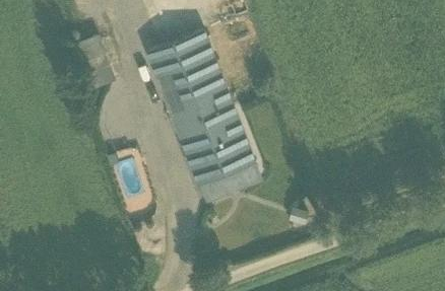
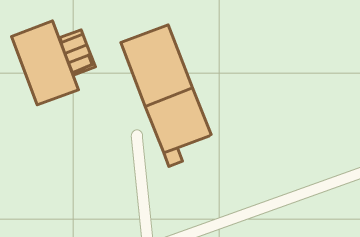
building: none -> [12,21,79,105]
building: [214,164,258,195] -> none

